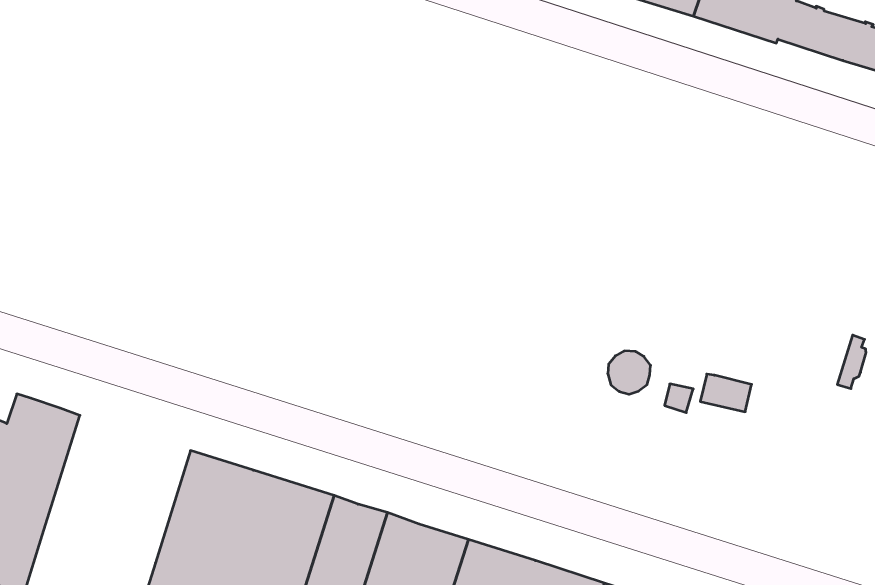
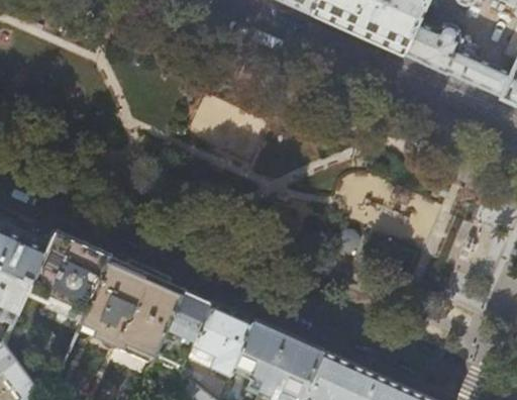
building: none -> [26,230,110,313]

